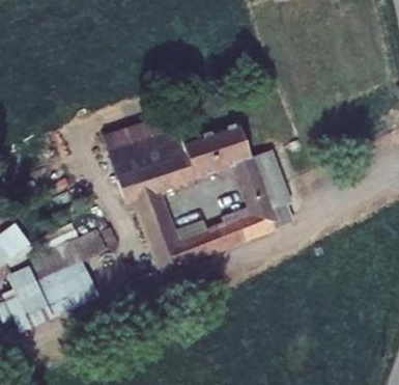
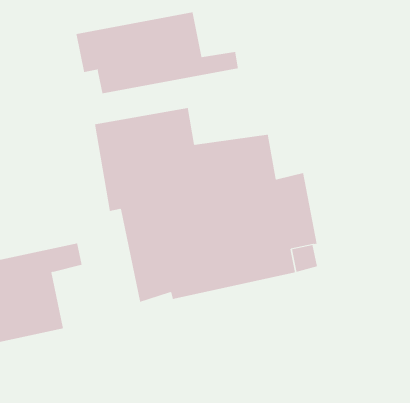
building: none -> [76,11,239,94]

